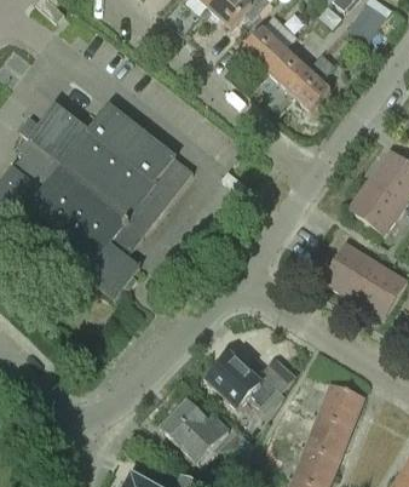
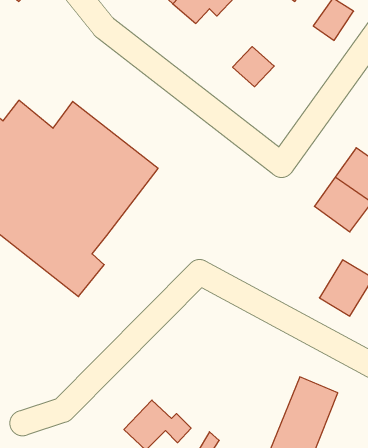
building: [241,16,295,70] -> none
building: [287,53,333,111] -> none
building: [321,242,374,299] -> none
building: [206,355,294,408] -> none

